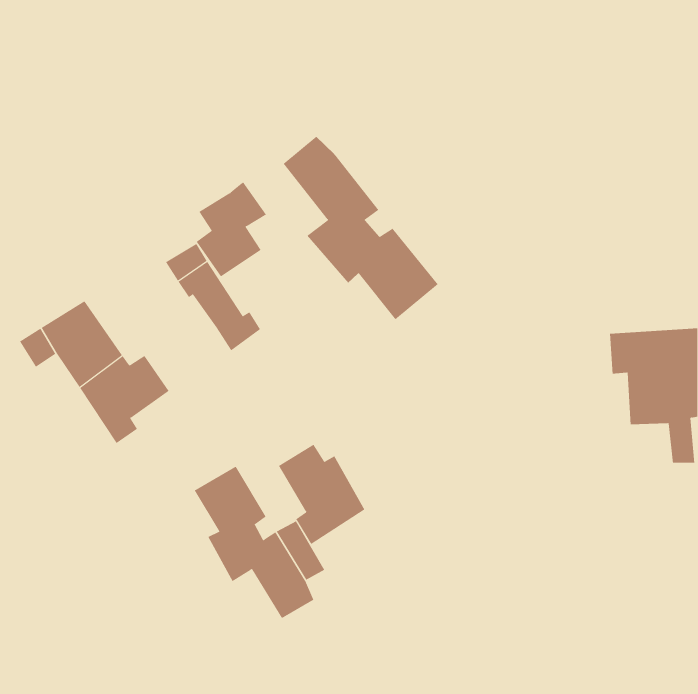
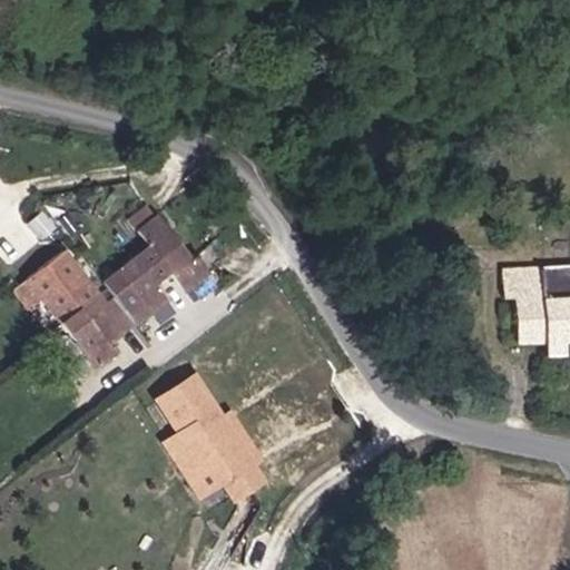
building: [283,136,439,320] -> none
building: [196,182,267,277] -> [118,244,176,322]
building: [278,444,365,545] -> none

